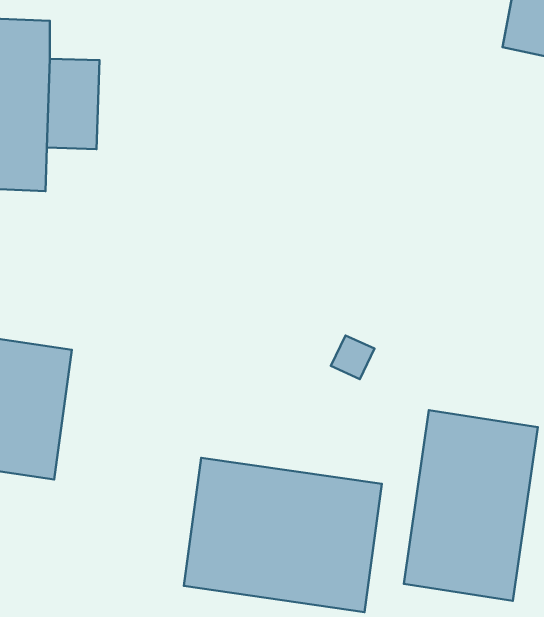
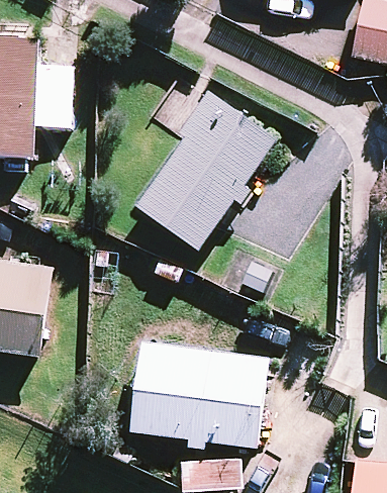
building: none -> [135,91,276,250]
building: [404,410,538,601] -> none

